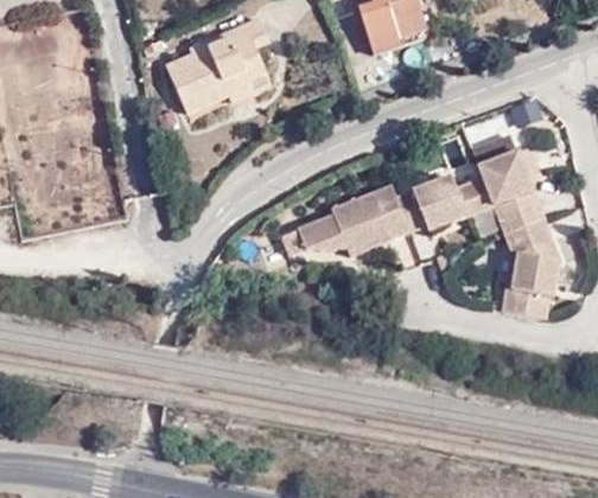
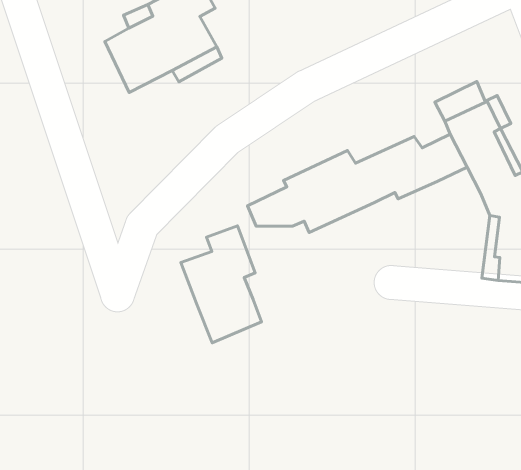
building: none -> [181,226,261,343]

